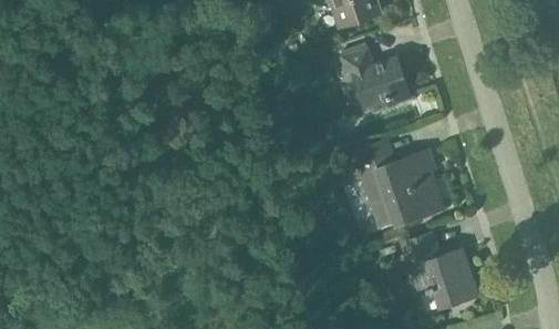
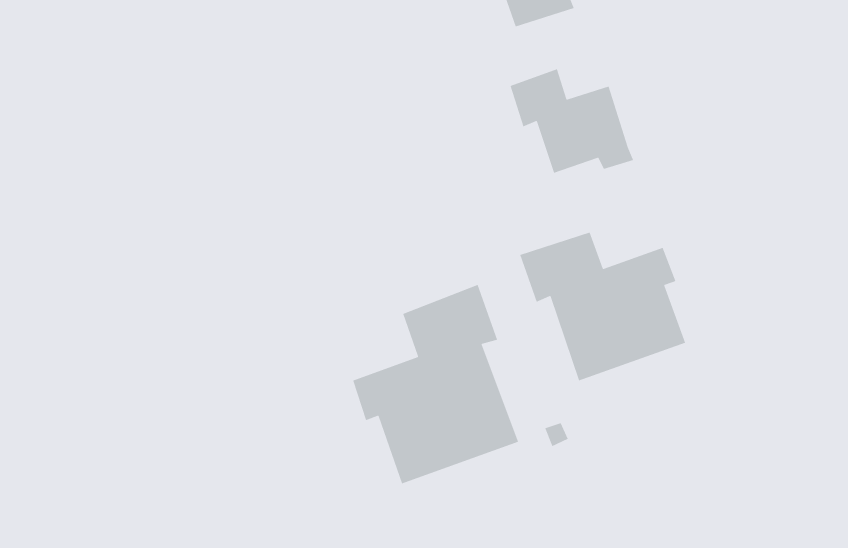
building: none -> [352,284,519,484]
building: [403,233,478,309] -> none

